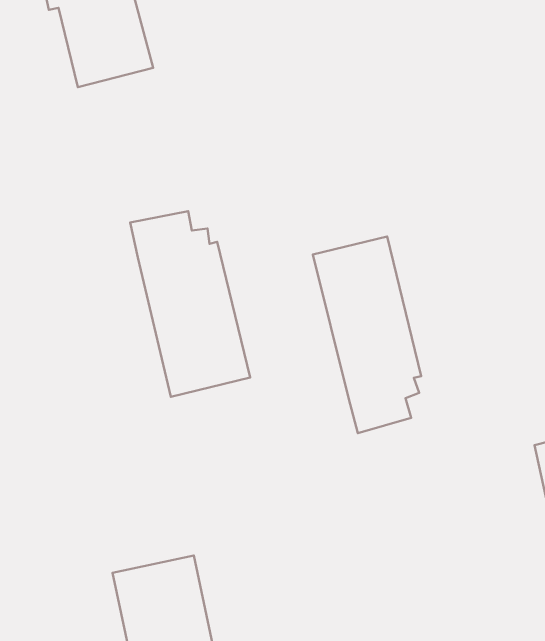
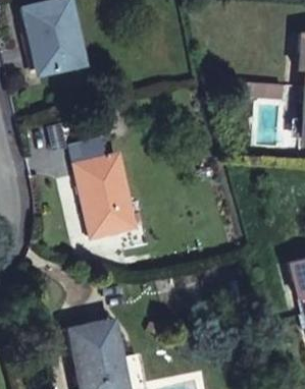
building: [313,237,421,433] -> none

